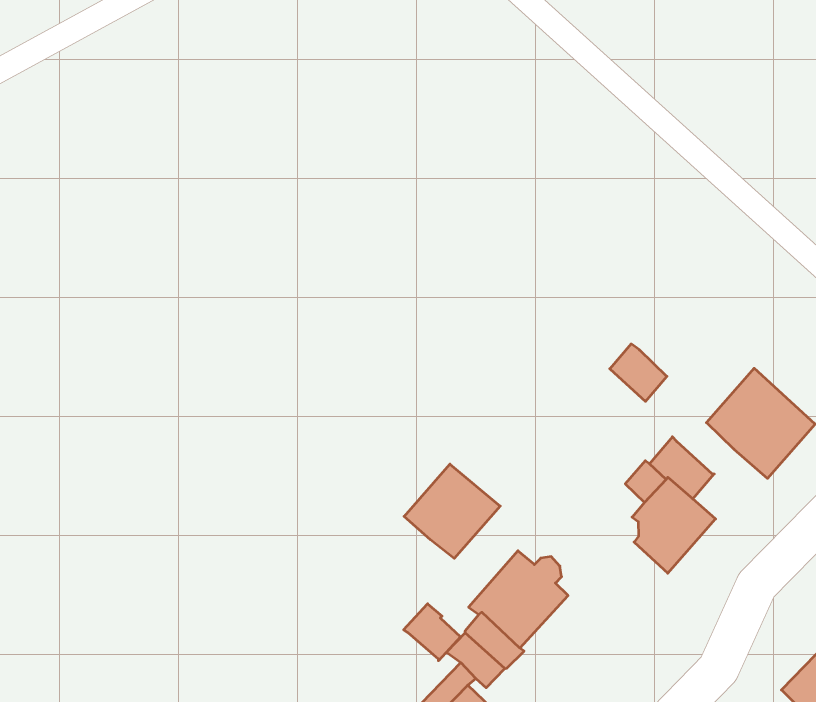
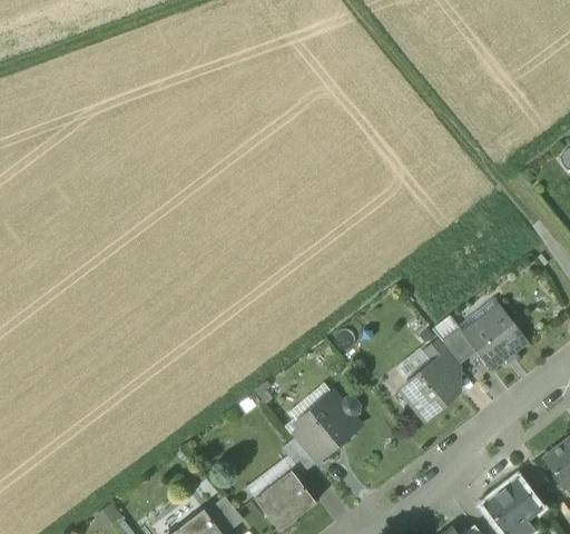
building: [610,344,667,401] -> [442,327,476,364]
building: [404,464,500,558] -> none
building: [404,604,461,661] -> none

